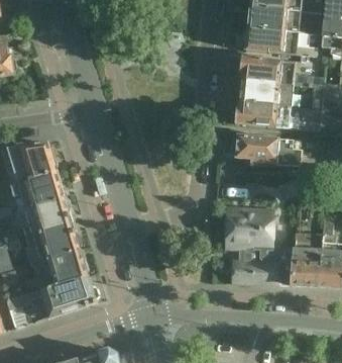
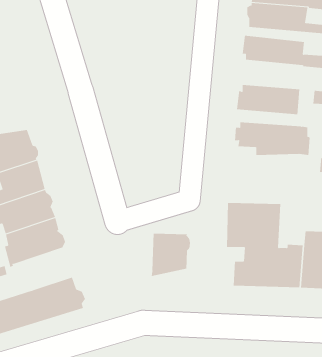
building: [238,80,293,106] -> none
building: none -> [151,233,191,277]
building: [32,249,86,287] -> none

